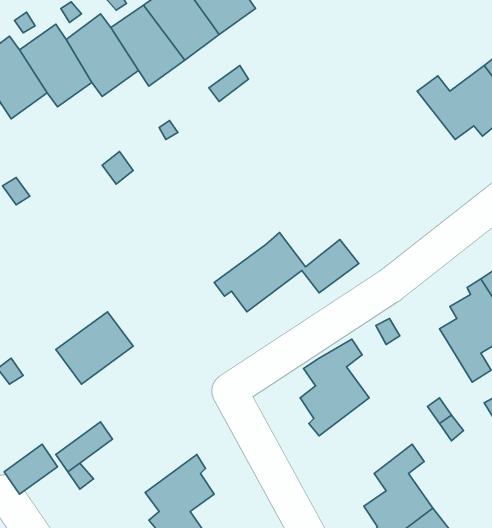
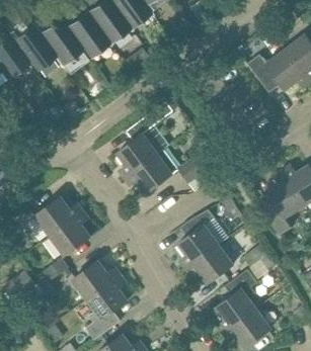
building: none -> [116,101,172,176]
building: none -> [49,213,89,256]
building: none -> [188,244,233,283]
building: none -> [71,261,116,299]

